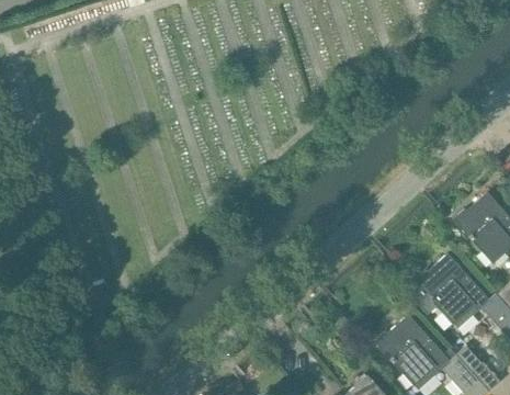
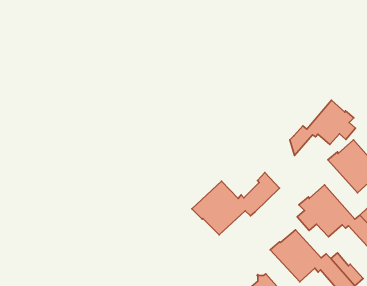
building: none -> [290,100,356,155]
building: none -> [192,173,279,235]

